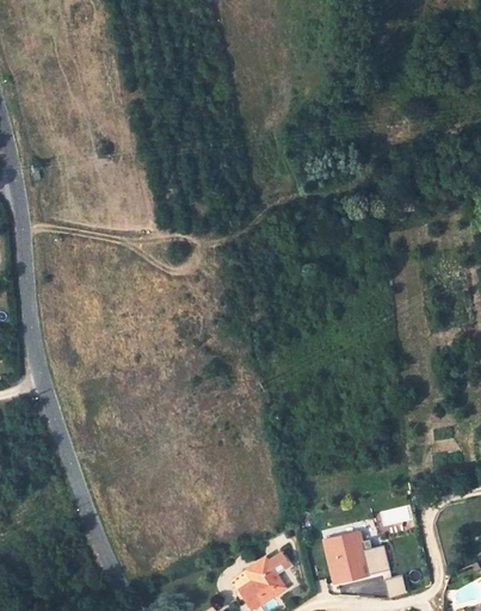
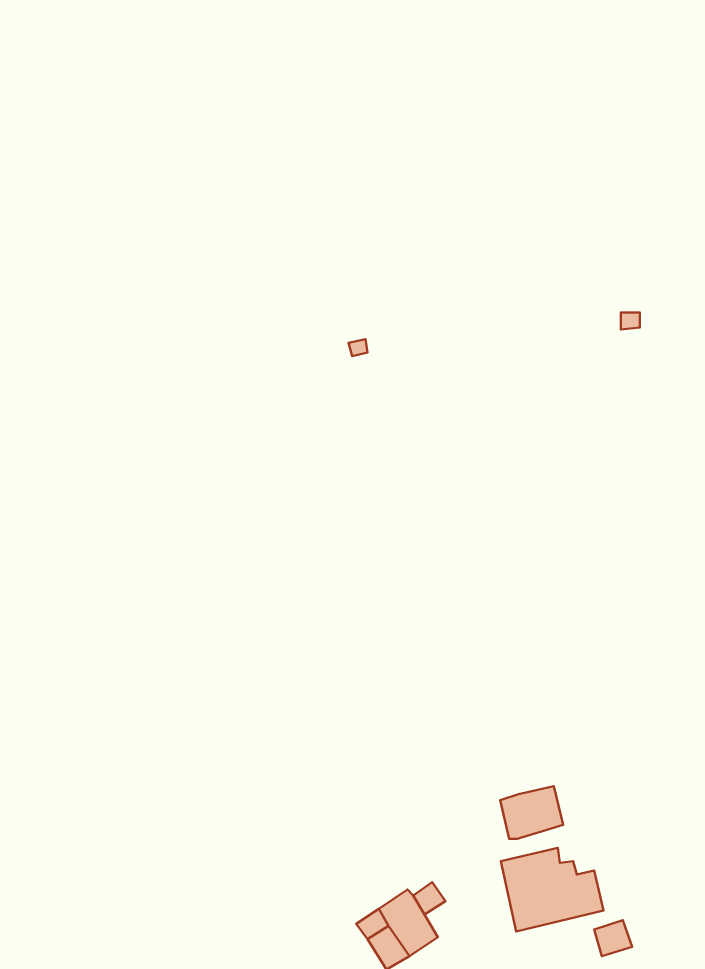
building: none -> [500,786,563,839]

